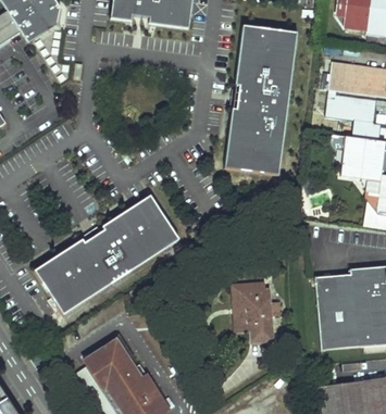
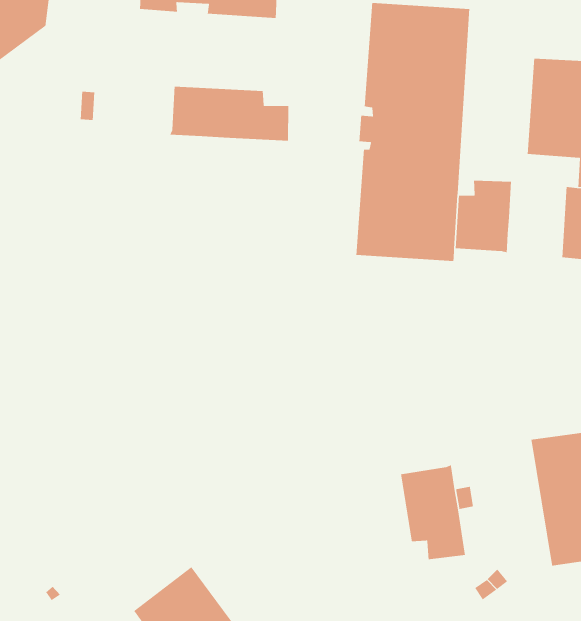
building: none -> [169,86,289,142]
building: none -> [455,180,512,253]
building: [34,195,178,314] -> none
building: [233,283,265,331] -> none

